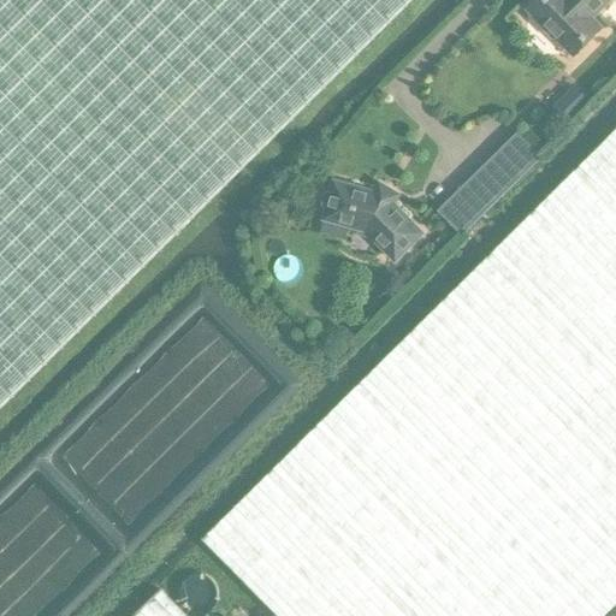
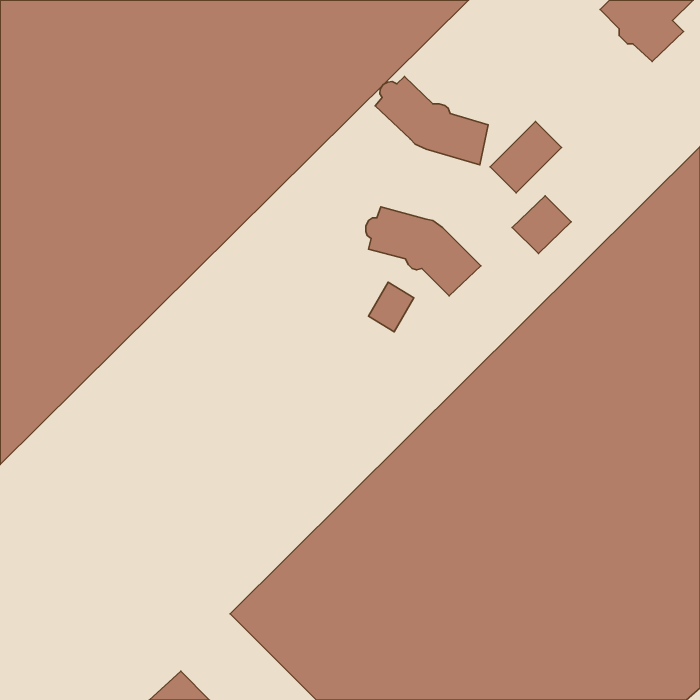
building: none -> [375,77,488,165]
building: [479,132,541,195] -> [490,122,562,193]
building: none -> [368,282,414,332]

